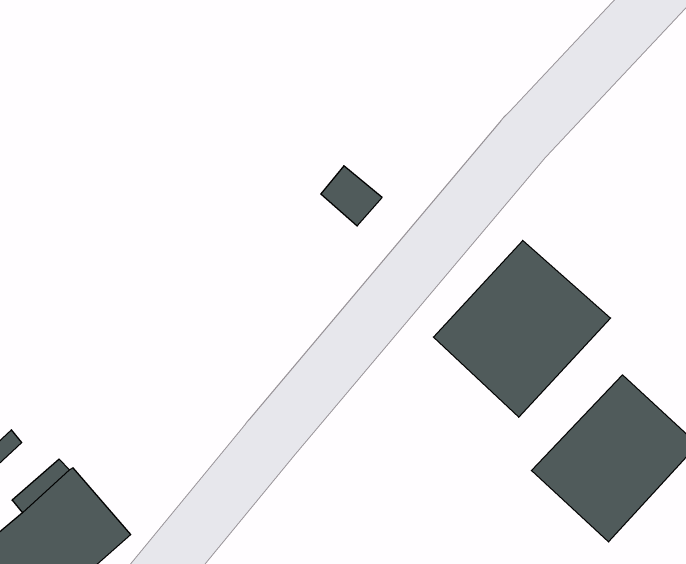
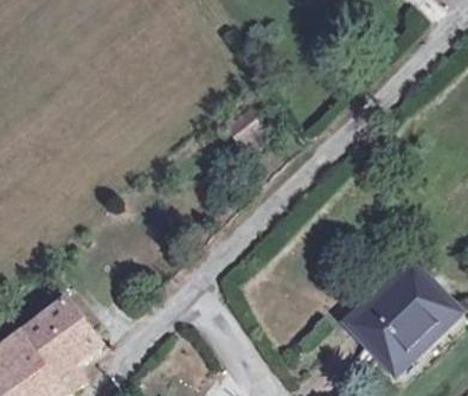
building: [433,240,611,417] -> none

